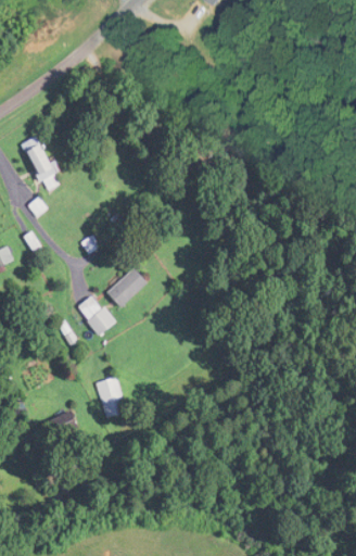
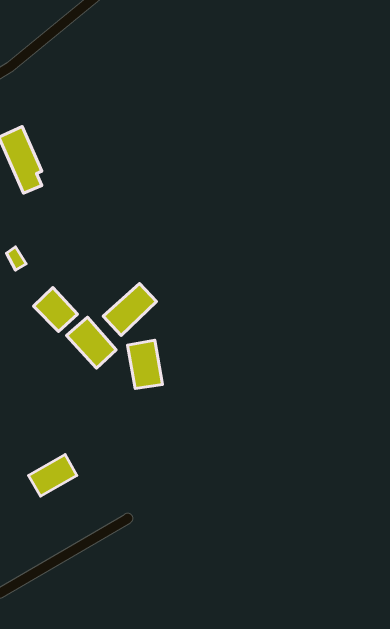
building: none -> [34,288,77,332]
building: [96,376,125,416] -> [127,340,163,388]

